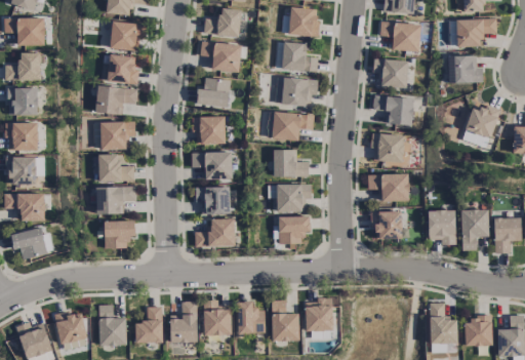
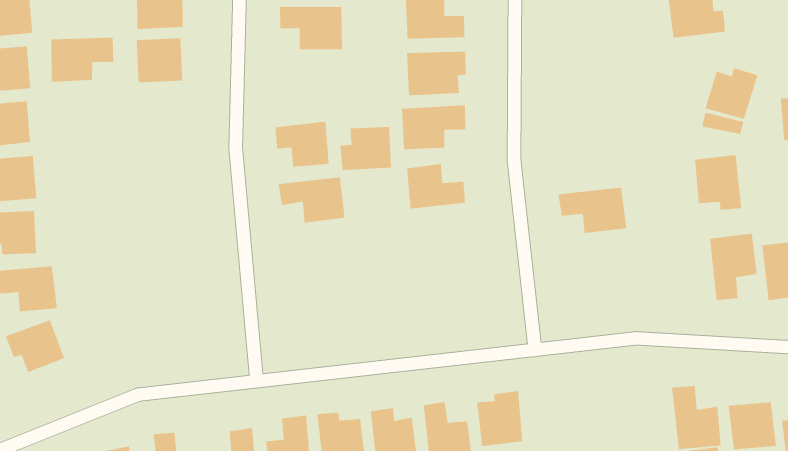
building: [374,58,408,87] -> none
building: [198,78,231,106] -> [340,126,392,171]
building: [96,85,138,114] -> [50,37,114,83]
building: [373,95,414,124] -> none
building: [94,121,135,150] -> none
building: [371,133,406,164] -> none
building: [99,154,135,182] -> none
building: [277,184,312,211] -> none
building: [96,186,137,213] -> none
building: [196,186,231,214] -> none
building: [429,209,456,244] -> [694,154,742,211]
building: [372,210,403,239] -> none
building: [279,215,312,243] -> none
building: [195,218,236,246] -> none
building: [105,221,135,248] -> none

